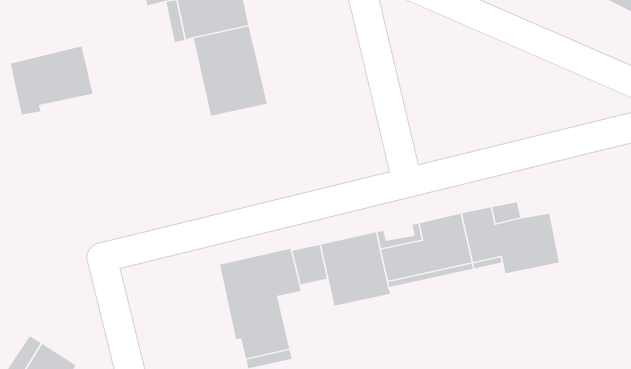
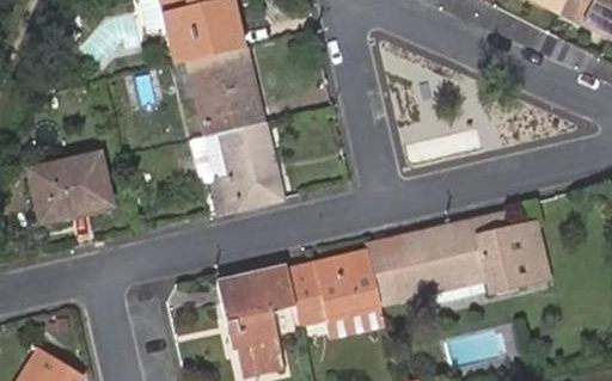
building: [10,46,93,116] -> [31,154,111,221]
building: none -> [194,125,283,217]

